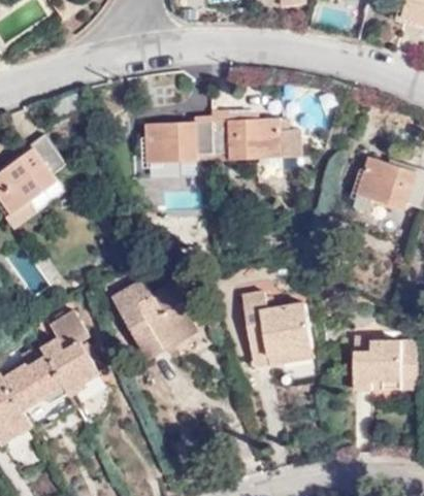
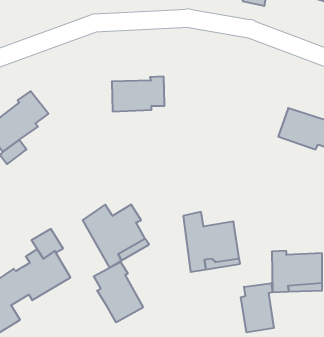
building: [215,117,303,158] -> none
building: none -> [94,262,143,322]
building: none -> [241,283,274,332]

